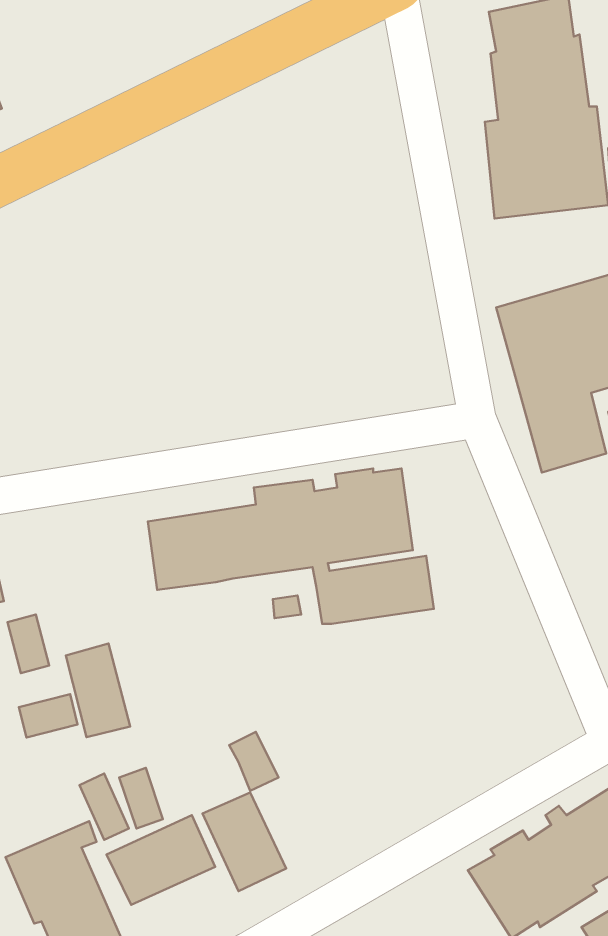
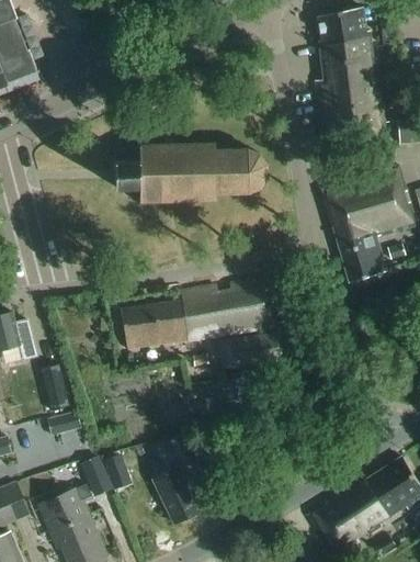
building: none -> [115,140,268,201]
building: [66,643,130,737] -> none
building: [107,815,215,905] -> none

